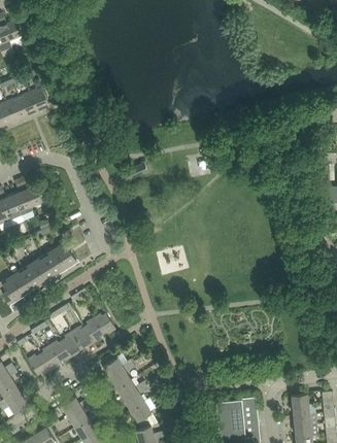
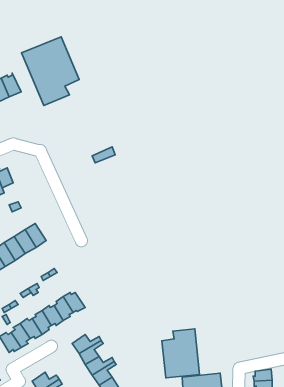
building: none -> [21,37,79,106]
building: none -> [162,329,200,378]

